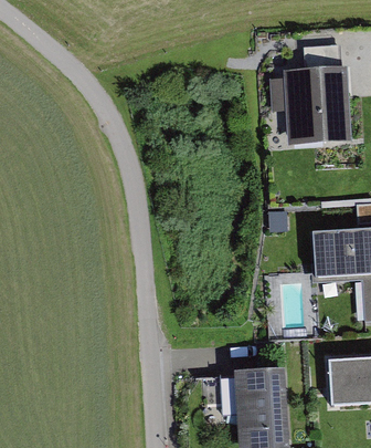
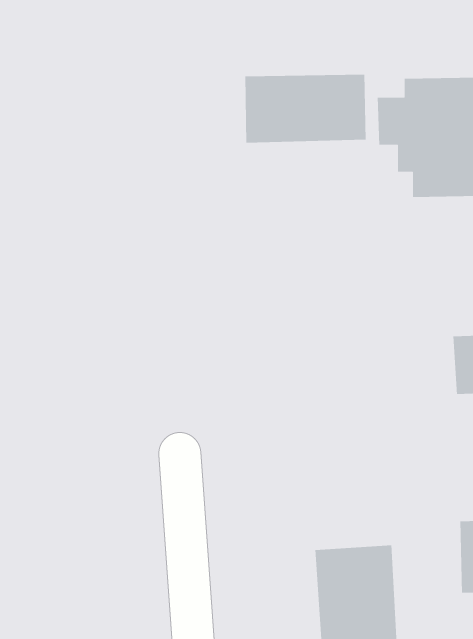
building: none -> [244,74,366,143]

